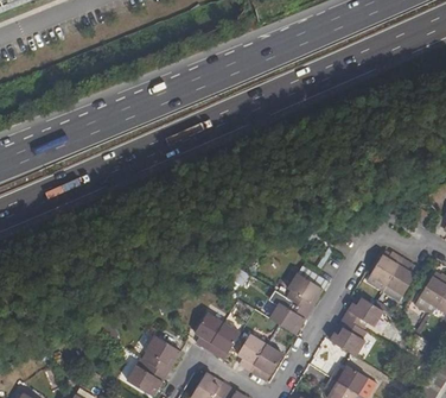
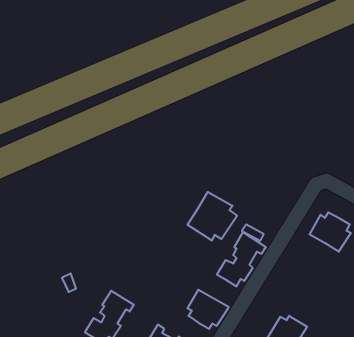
building: none -> [188,192,237,241]
building: [330,298,383,355] -> none
building: [195,314,240,358] -> none

